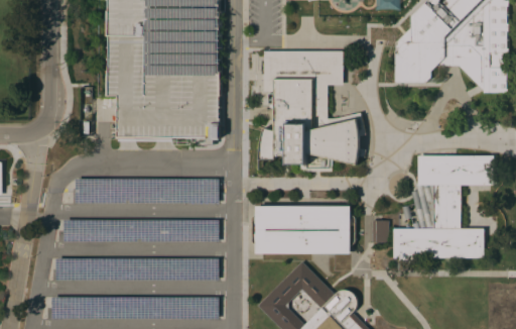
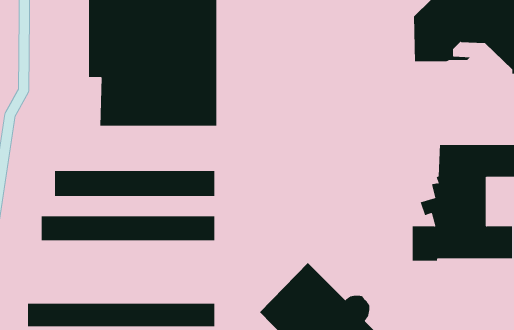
building: [259,51,365,172] -> none
building: [256,207,350,254] -> none
building: [372,221,388,243] -> none
building: [55,259,219,280] -> none

